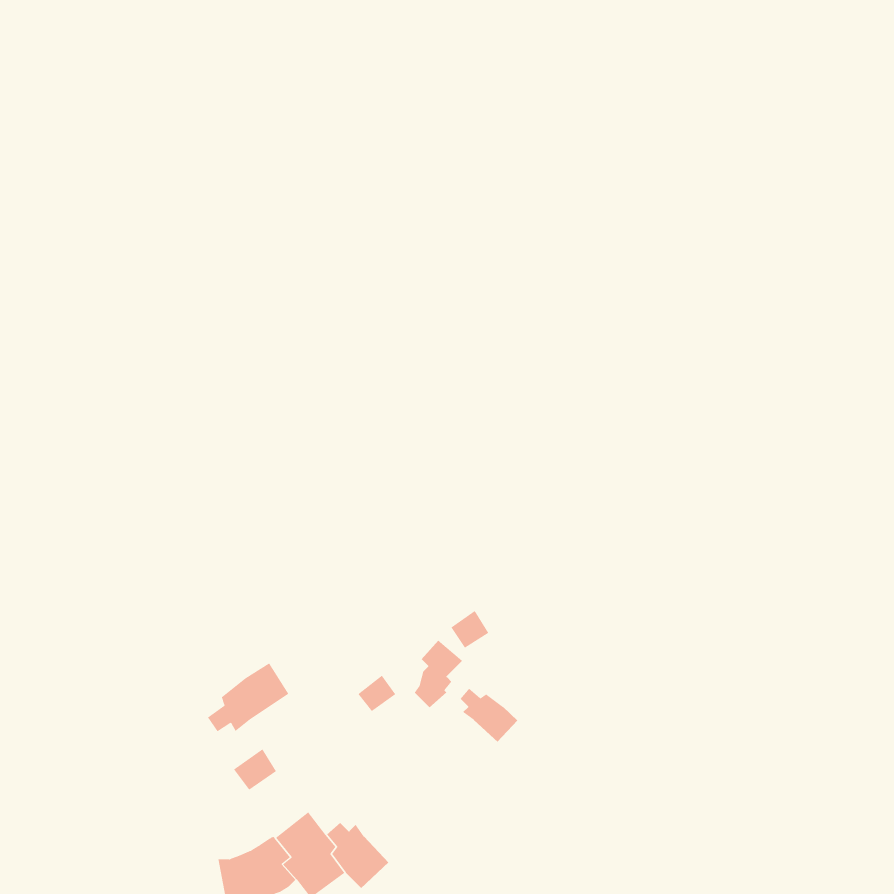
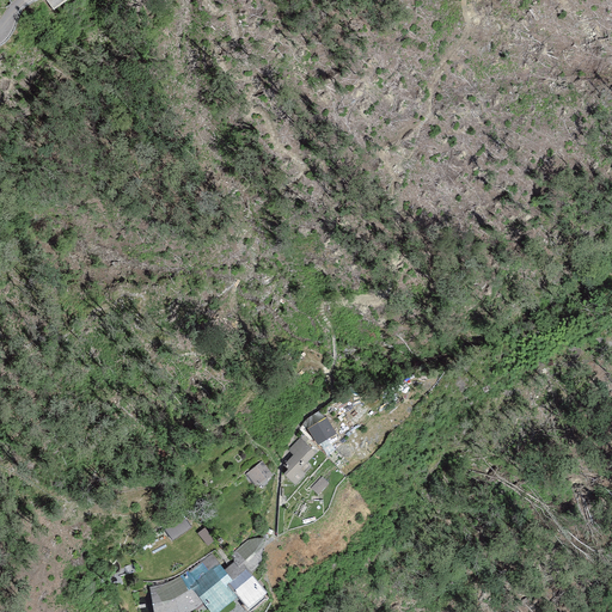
building: [207,663,289,732] -> none
building: [460,688,518,742] -> none
building: none -> [227,538,262,571]

